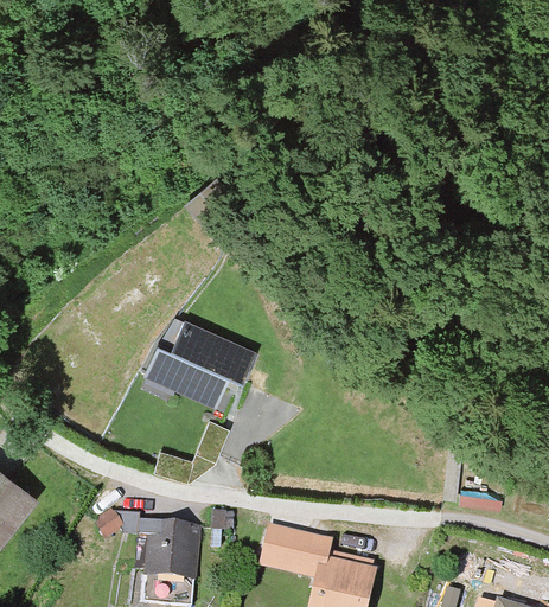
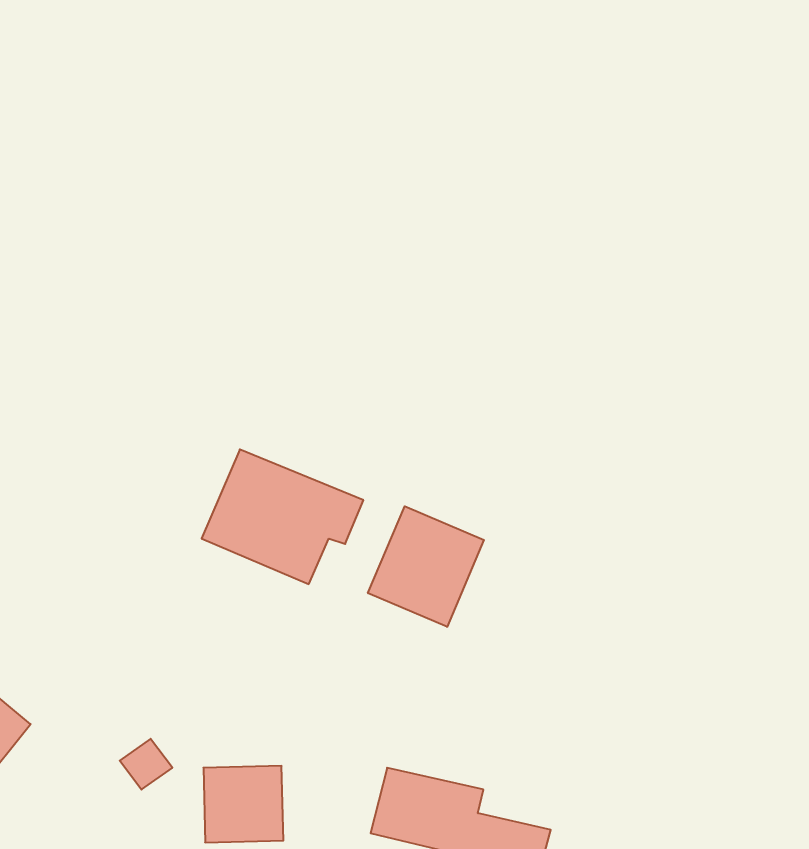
building: none -> [368,506,484,627]

